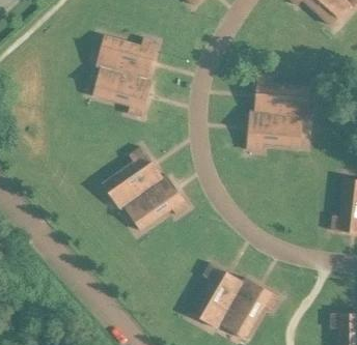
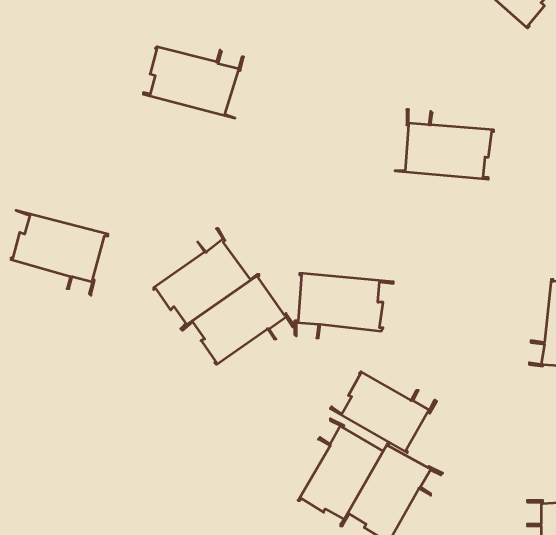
building: [92,65,152,117] -> [11,210,108,295]
building: [246,112,306,151] -> [295,273,393,338]
building: none -> [330,372,437,453]

